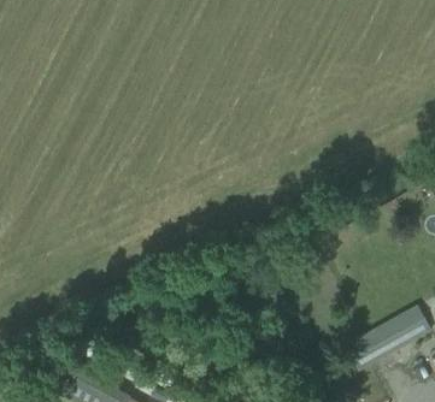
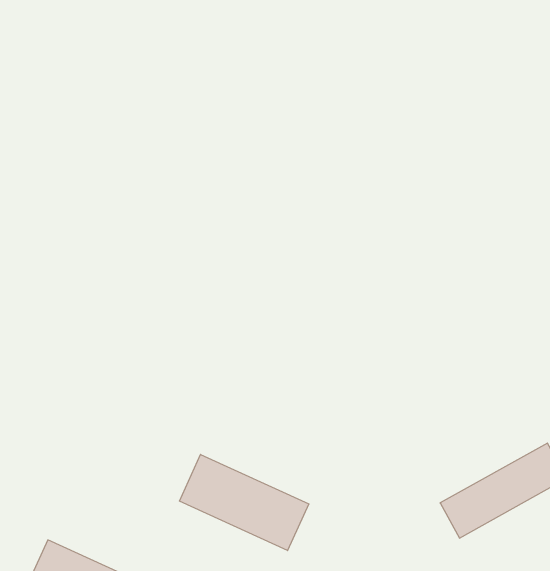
building: none -> [179,454,309,551]

